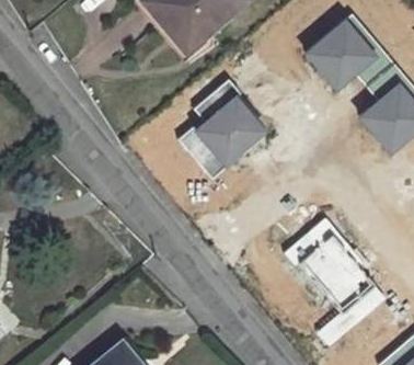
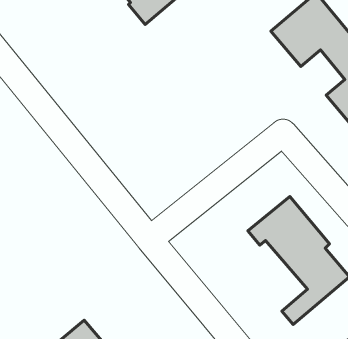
building: [182,81,266,178] -> none

